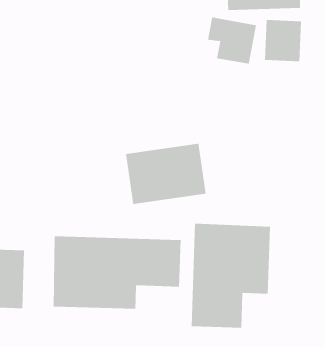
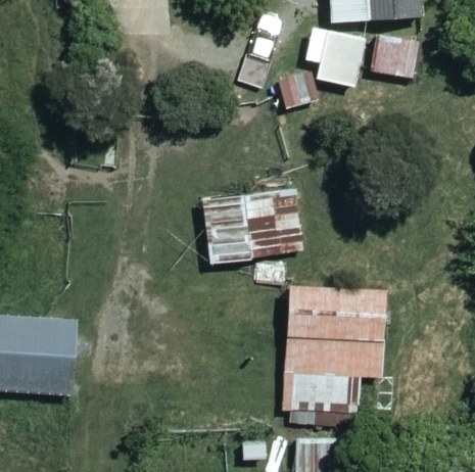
building: [53,235,181,310] -> none

